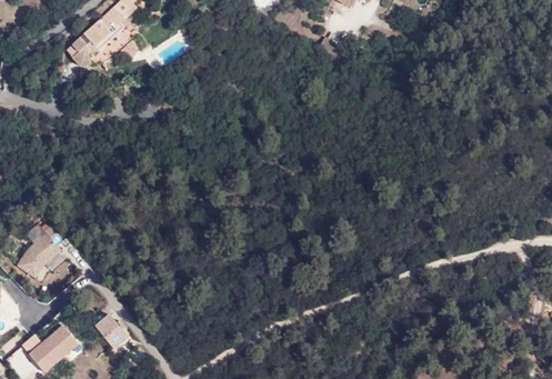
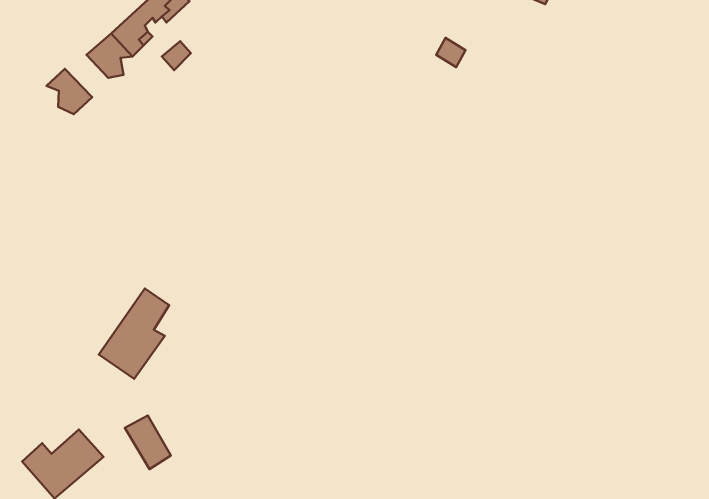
building: none -> [46,69,92,114]
building: [16,217,67,282] -> [99,288,169,379]

